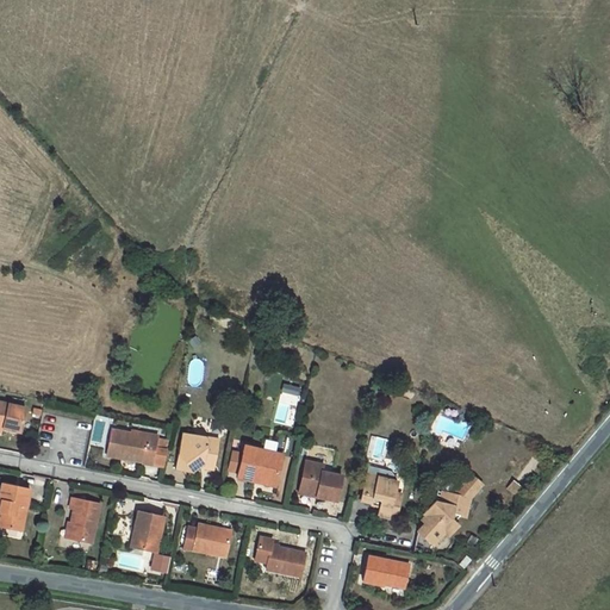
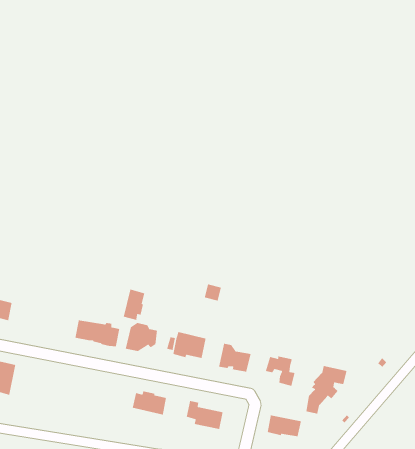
building: none -> [123,289,145,321]
building: [69,497,100,542] -> none
building: [130,510,163,552] -> none

